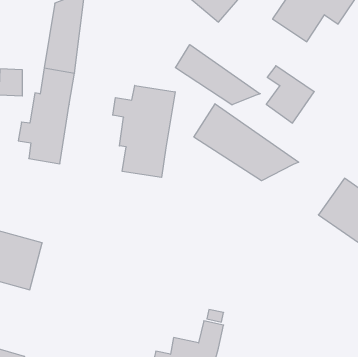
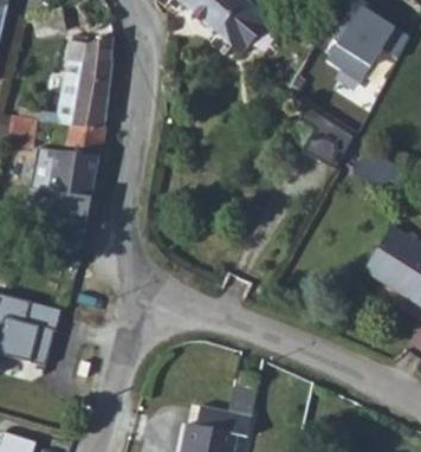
building: [175,45,260,105] -> none
building: [113,85,175,177] -> none
building: [194,104,299,181] -> none

